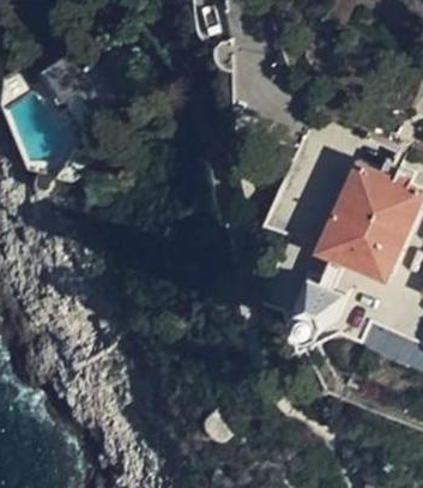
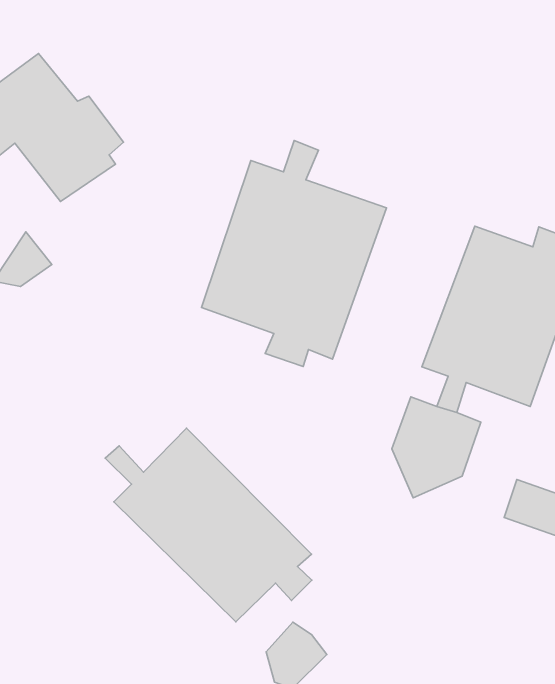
building: none -> [201,140,387,367]
building: none -> [105,428,312,622]

